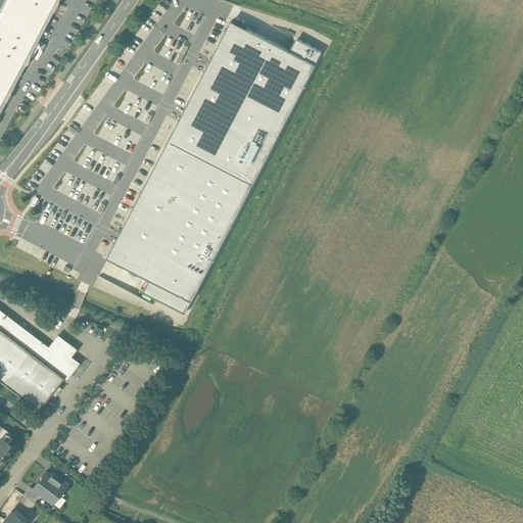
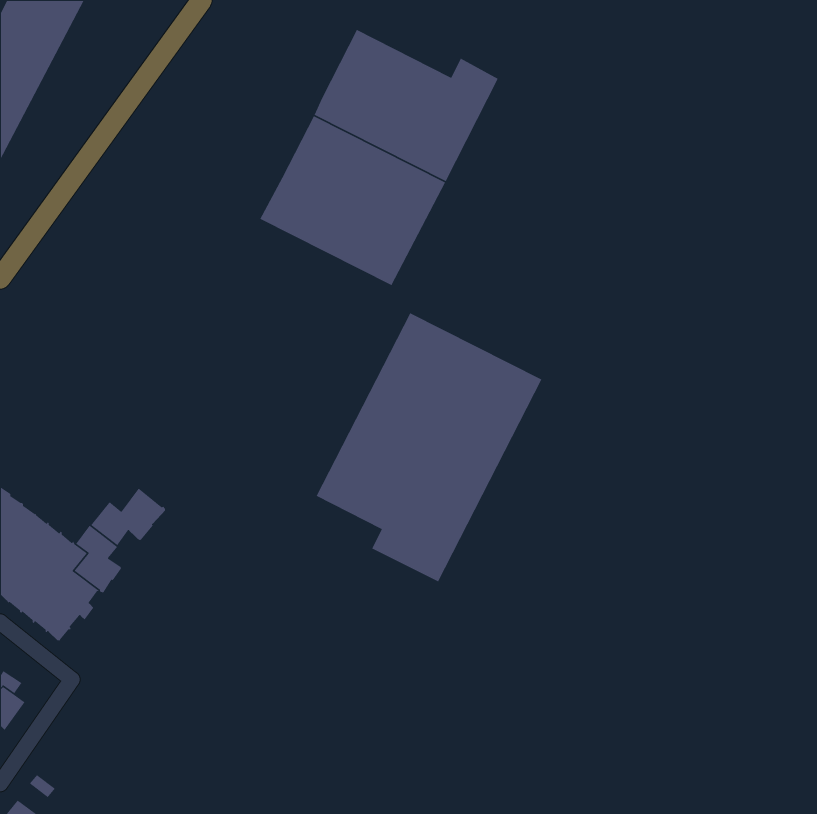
building: [105,142,250,315] -> [315,312,542,582]
building: none -> [90,487,166,546]
building: [33,472,67,505] -> none

